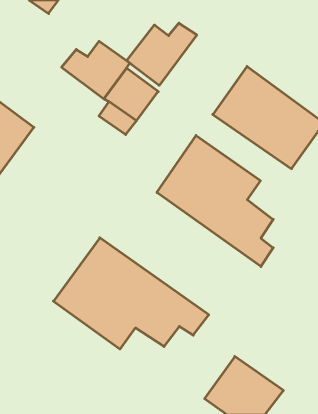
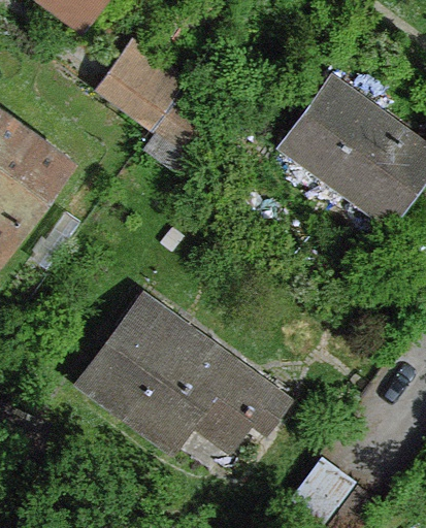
building: [127,23,197,85] -> none
building: [157,135,273,267] -> none

